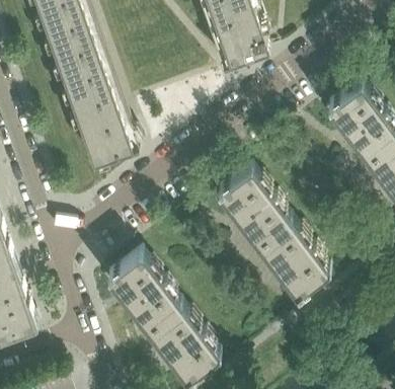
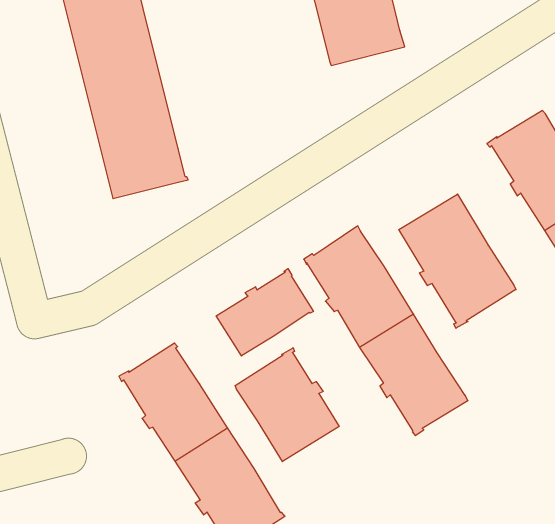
building: none -> [399,194,516,328]
building: none -> [216,269,313,356]
building: none -> [235,348,339,462]

